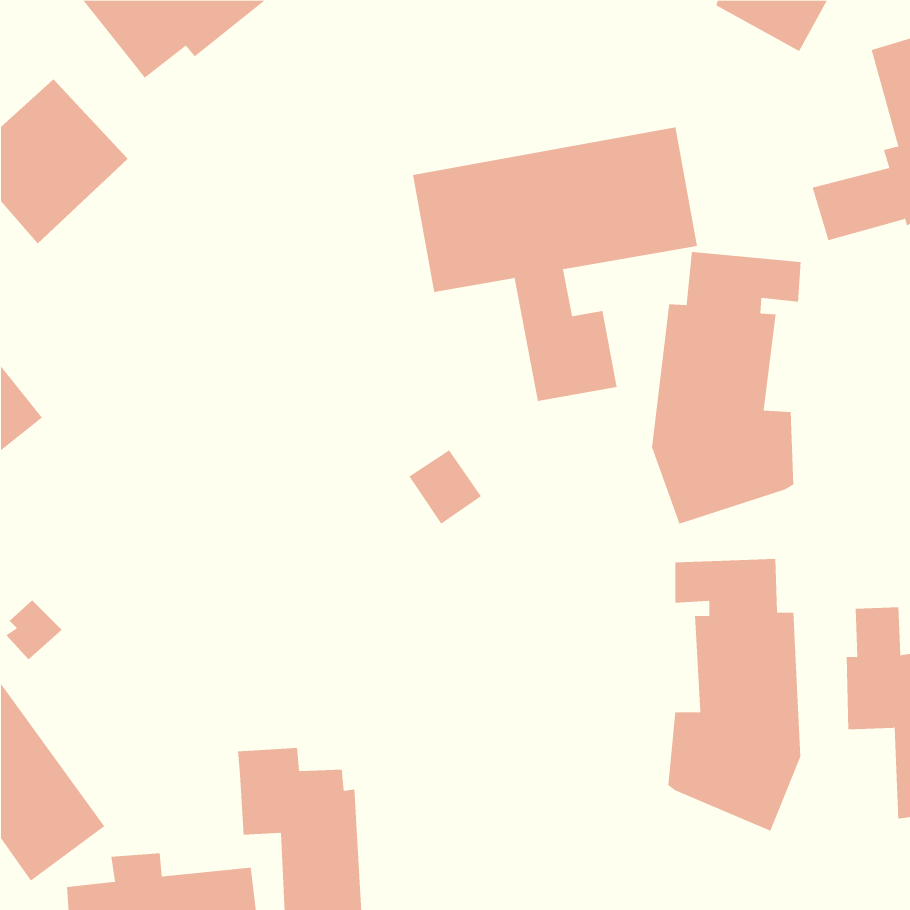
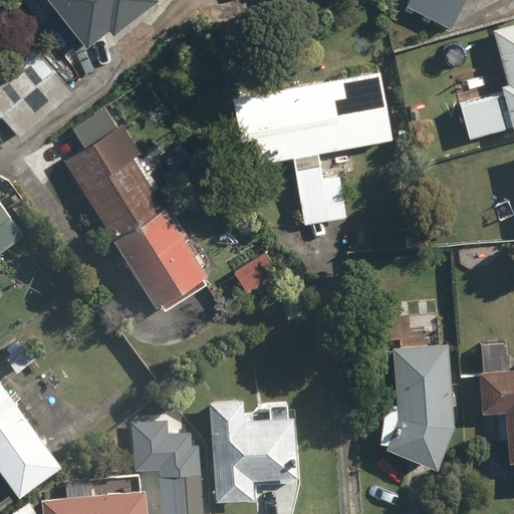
building: none -> [62,108,210,316]
building: [651,251,801,525] -> none
building: none -> [209,401,295,502]

